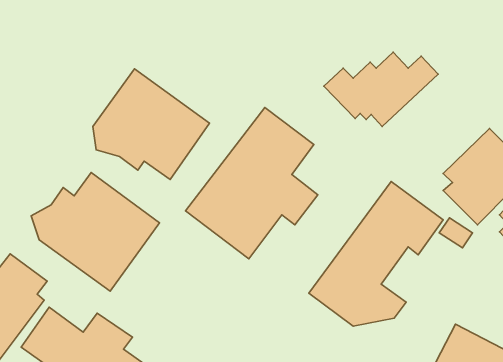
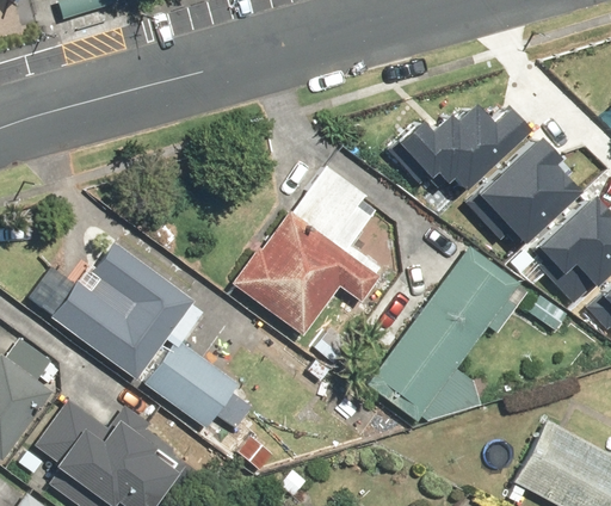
building: [93,69,210,179] -> none
building: none -> [475,132,581,241]
building: none -> [142,338,261,434]

